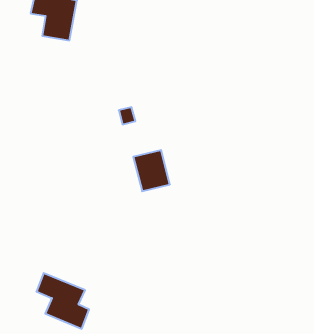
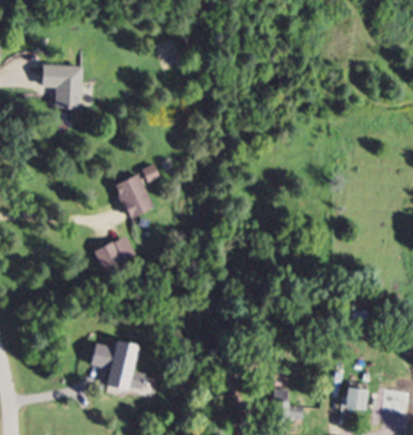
building: [133,150,170,191] -> [113,173,154,217]
building: none -> [98,240,126,268]

